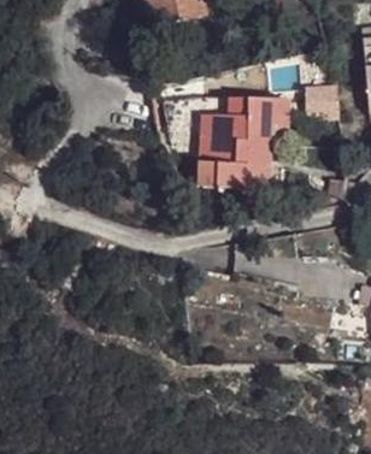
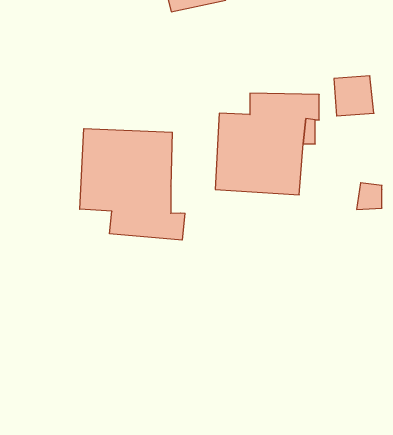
building: none -> [80,129,185,240]

